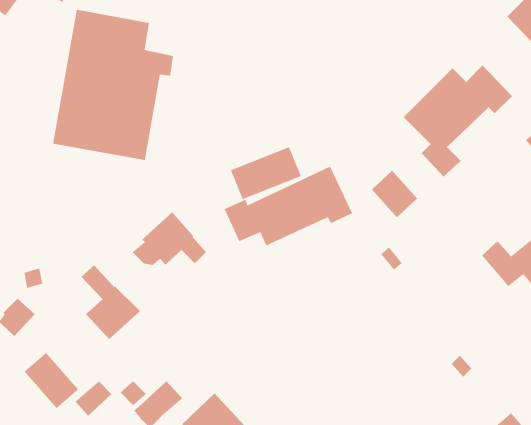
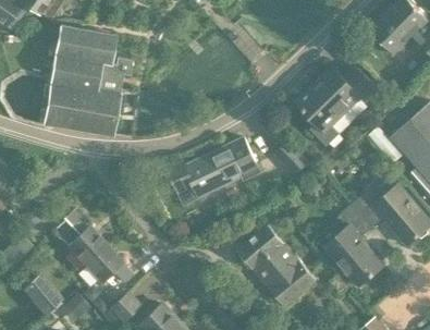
building: [230,146,302,200] -> none
building: [132,212,207,266] -> [77,244,132,283]
building: none -> [325,204,384,285]
building: none -> [237,224,317,307]

